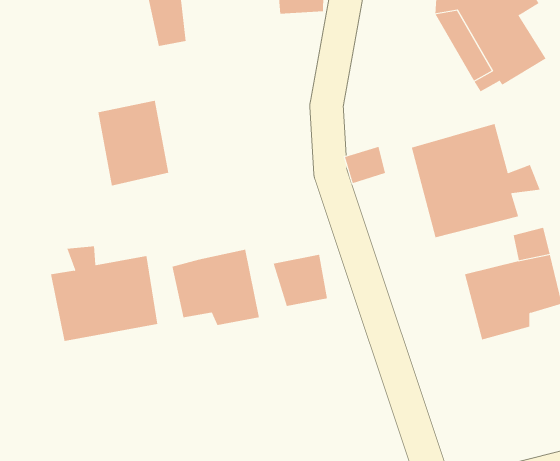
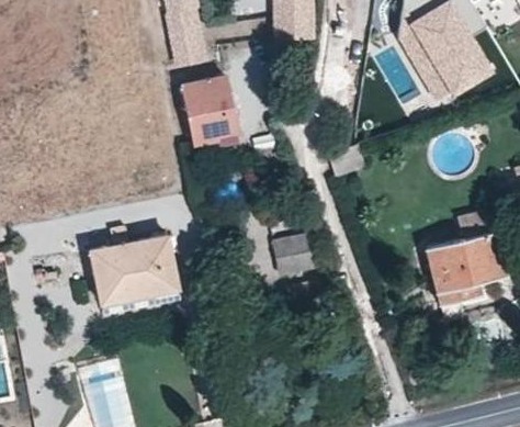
building: [98,100,169,186] -> [180,76,238,146]
building: [411,123,540,238] -> none
building: [172,249,260,326] -> none

